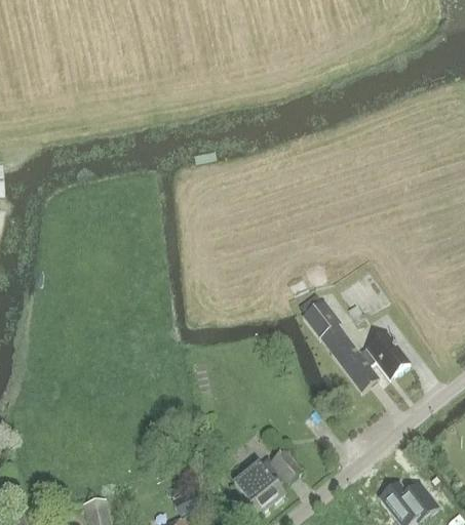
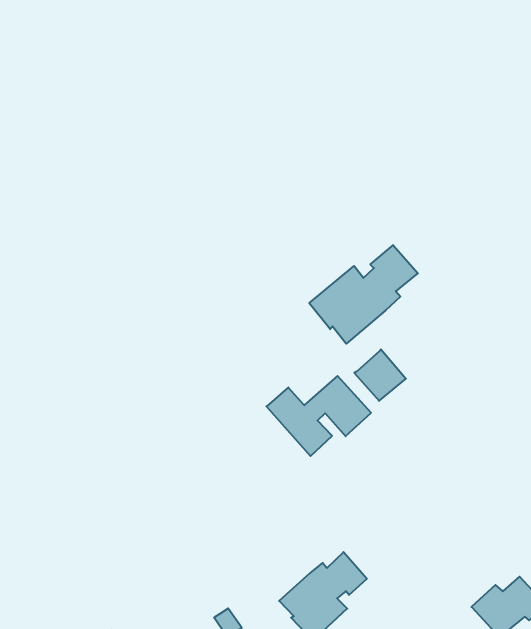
building: none -> [309,245,418,344]
building: [330,331,409,391] -> [266,376,371,456]

